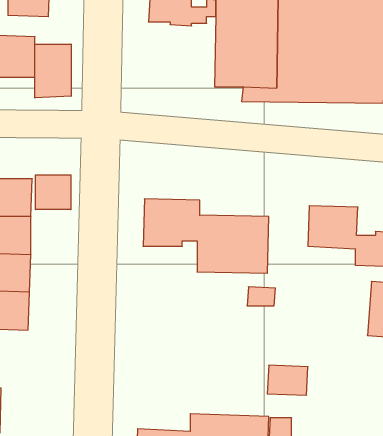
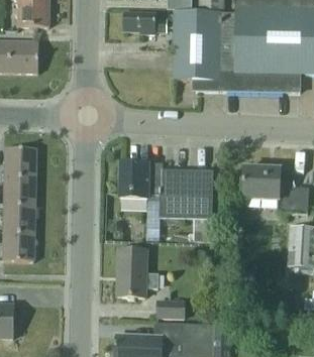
building: [35,44,71,98] -> none
building: [35,175,71,210] -> none
building: none -> [117,248,158,296]
building: [267,365,308,395] -> [155,298,186,320]

